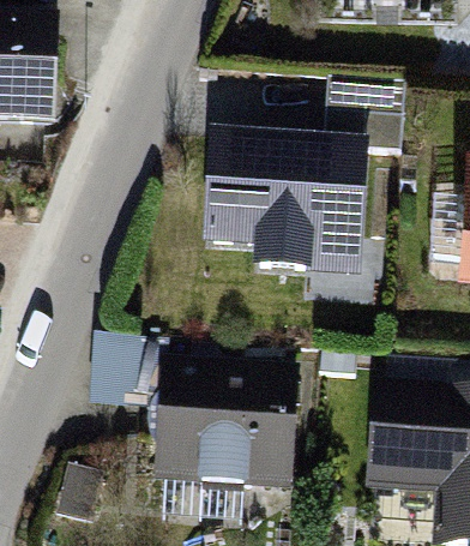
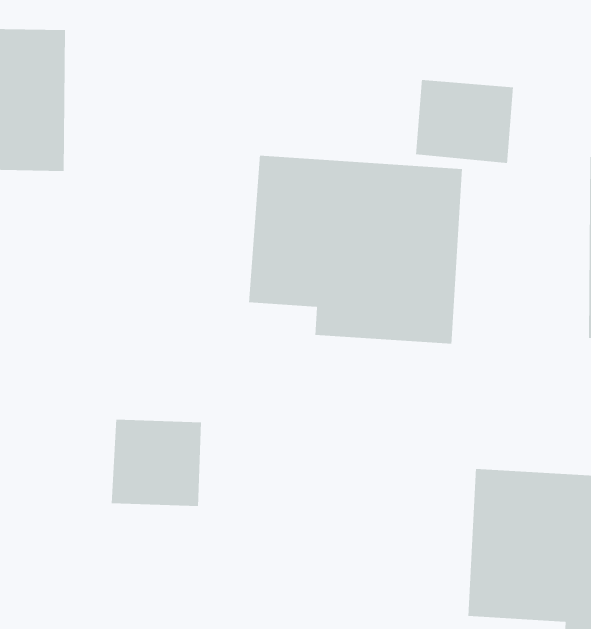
building: [157,370,295,502] -> none

